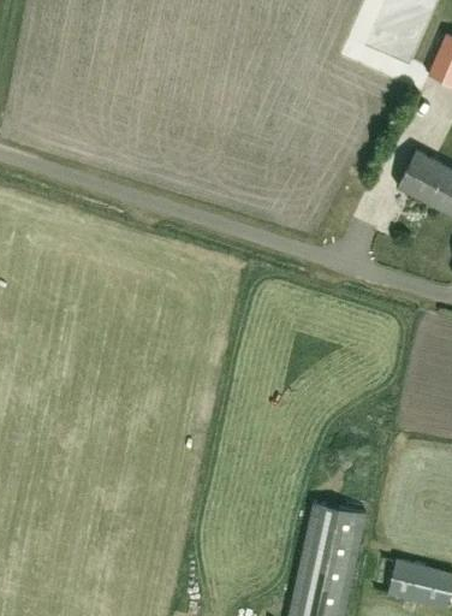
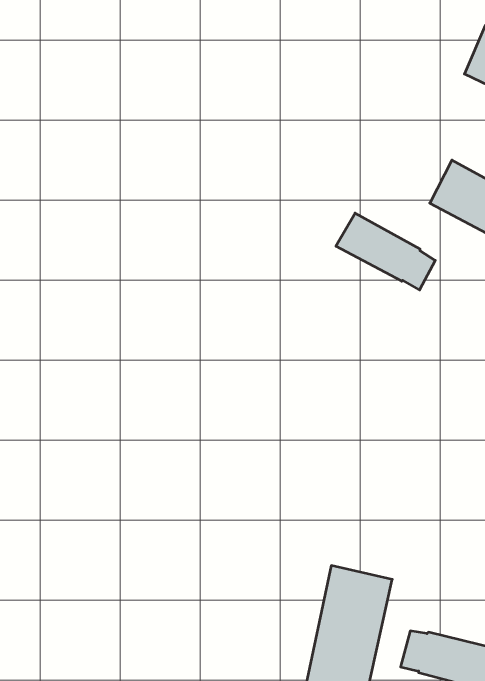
building: none -> [336,213,435,290]

